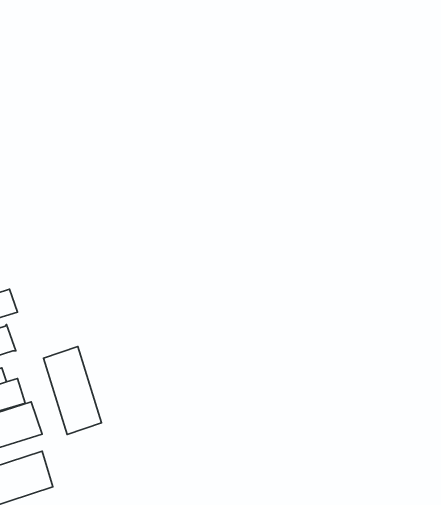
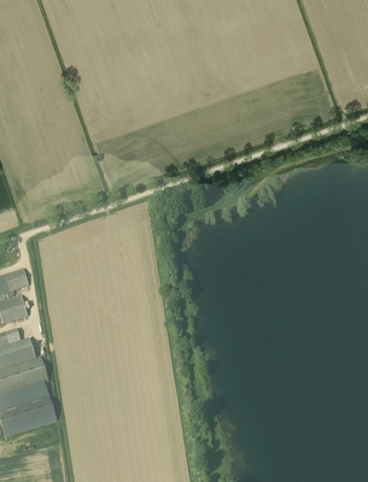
building: [43,347,102,434] -> none

